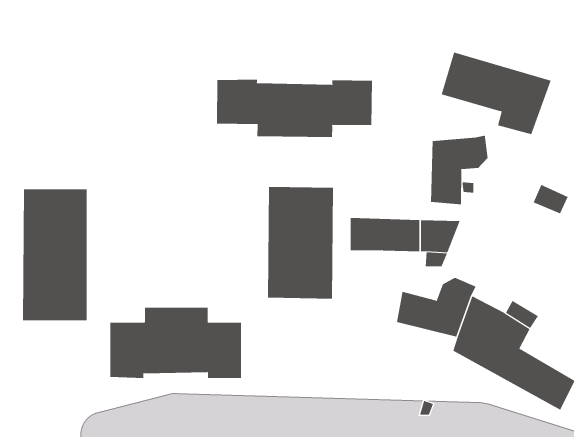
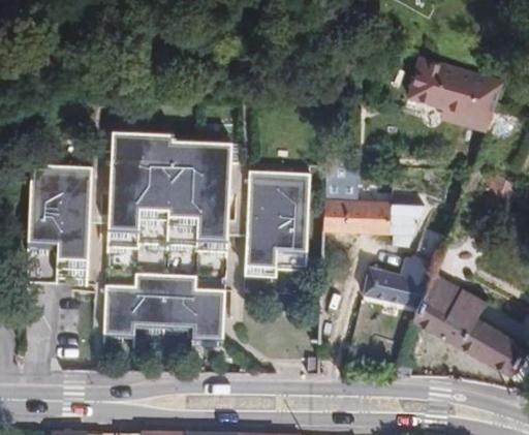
building: [216,79,372,138] -> none
building: [431,135,488,205] -> none
building: none -> [108,137,226,252]

